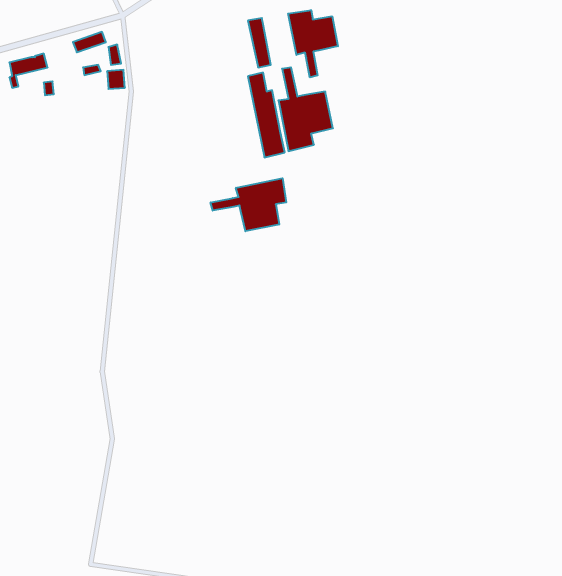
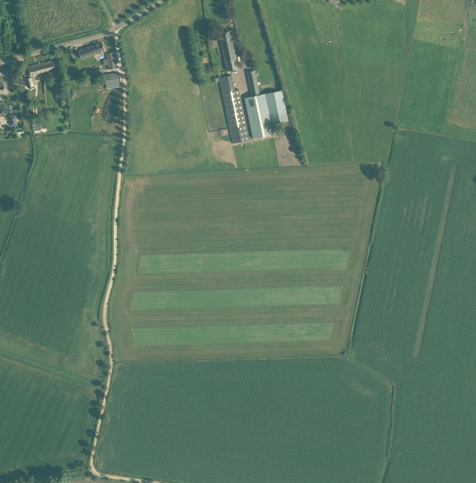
building: [288,10,338,77] -> none
building: [211,178,286,231] -> none

